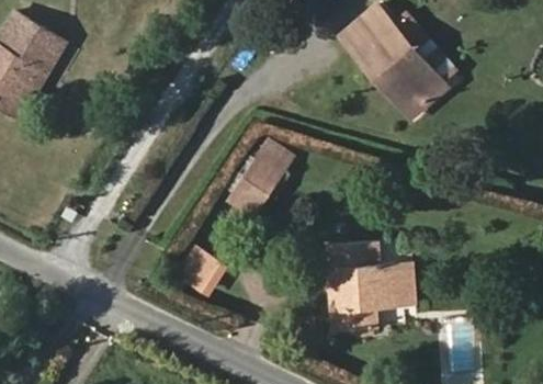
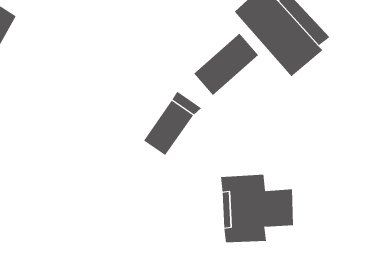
building: none -> [193,33,259,96]
building: [174,241,228,294] -> none

